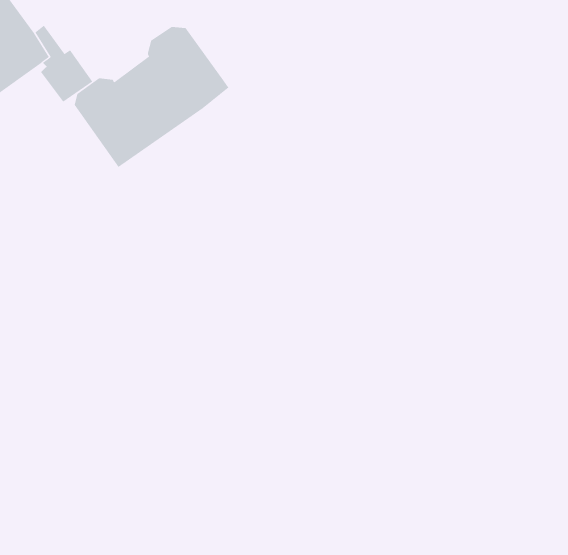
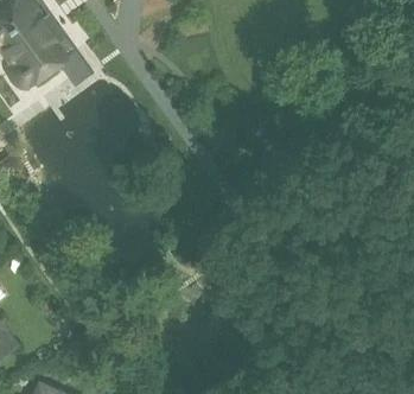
building: [74,26,229,168] -> none

